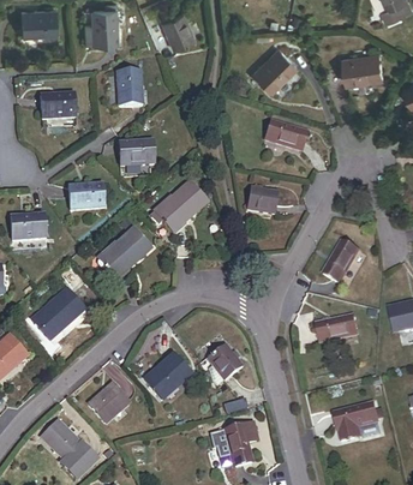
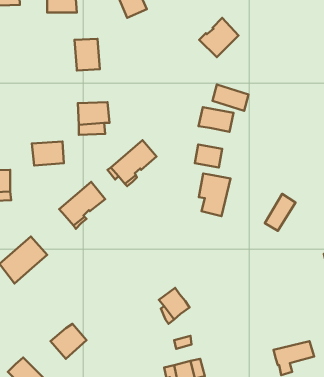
building: [345,53,383,84] -> none
building: [41,94,73,119] -> none
building: none -> [199,107,234,132]
building: none -> [199,174,231,216]
building: [317,316,357,341] -> none
building: [145,354,191,400] -> none

